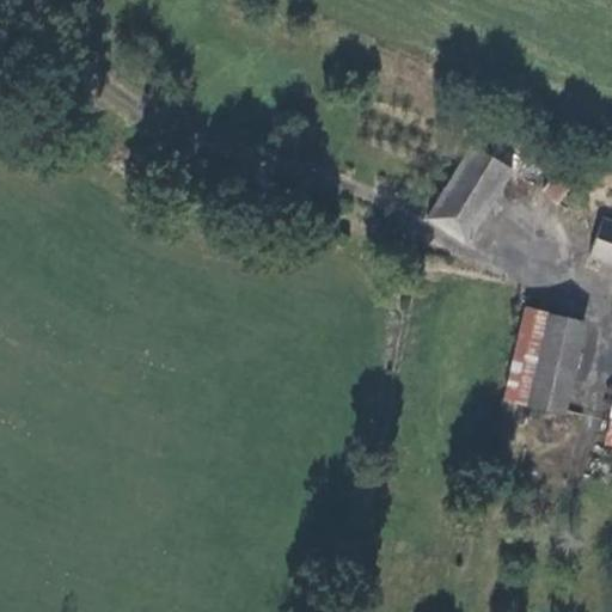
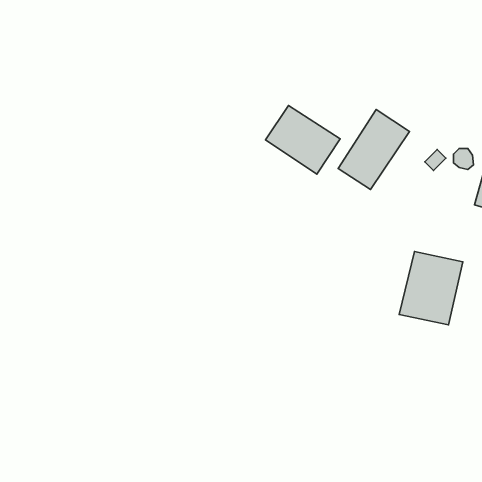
building: none -> [266,106,340,174]

